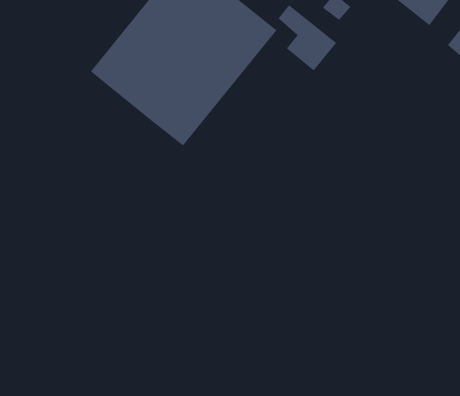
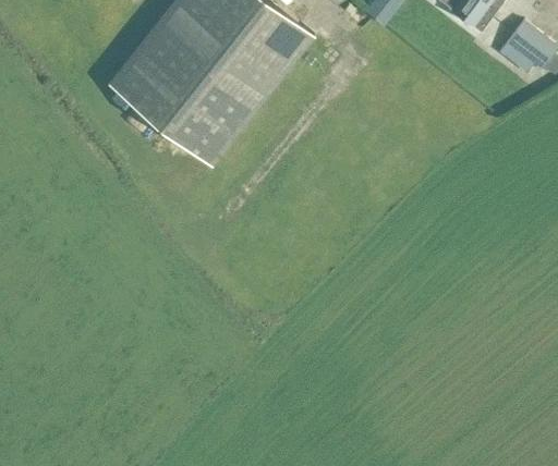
building: [277,4,337,72] -> none

